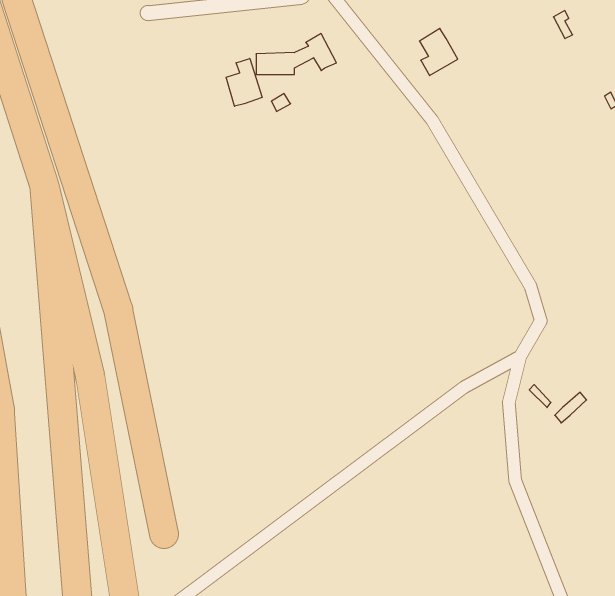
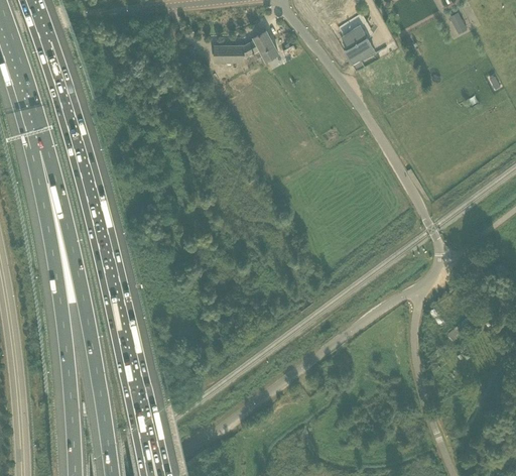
building: [226,58,262,106] -> none

